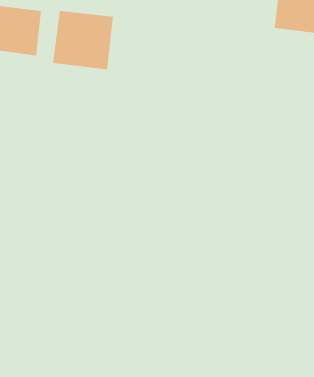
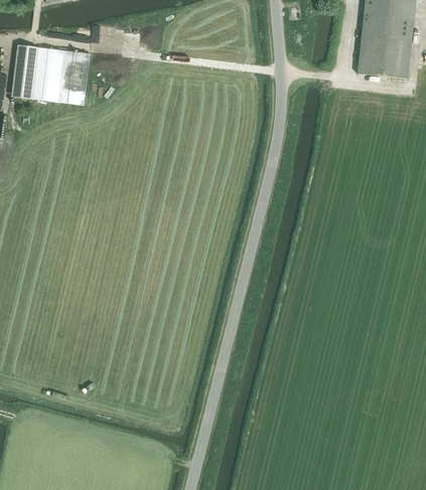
building: [53,10,113,70] -> none

